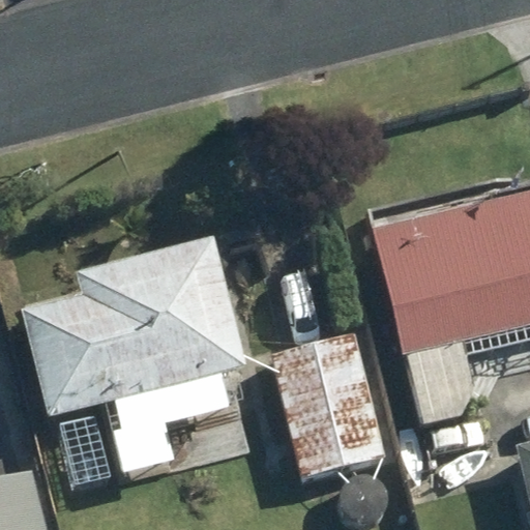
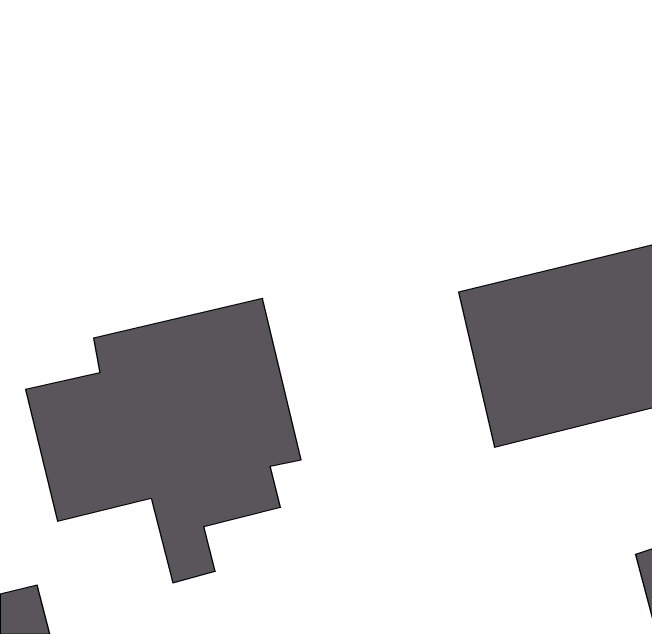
building: [272,332,385,477] -> none

